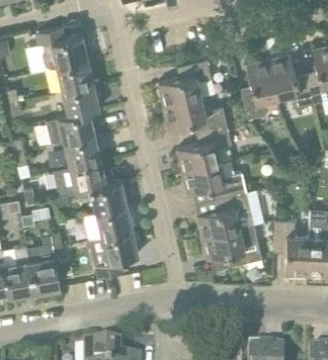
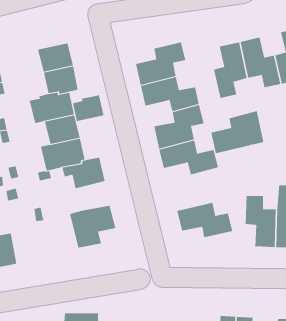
building: [36,26,88,68] -> none
building: none -> [73,94,104,122]
building: [197,191,254,237] -> [210,110,264,154]
building: [95,205,133,237] -> none
building: [28,255,61,292] -> none

